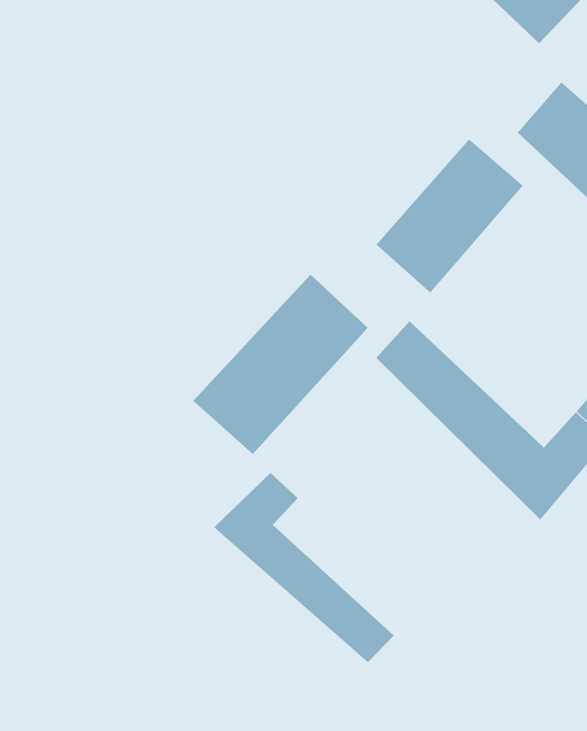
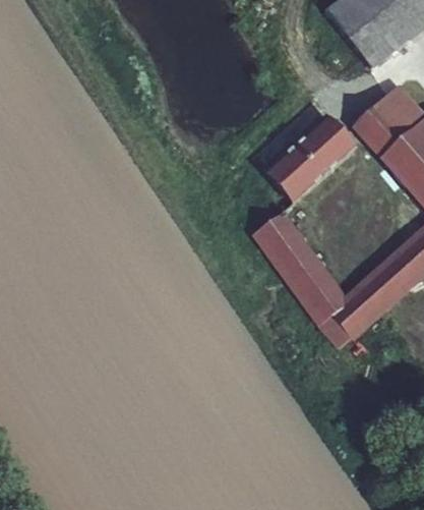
building: [193,274,368,455] -> none
building: [213,472,394,663] -> none

